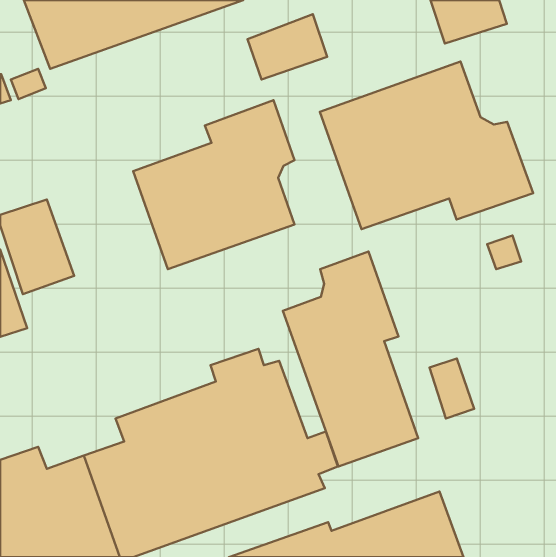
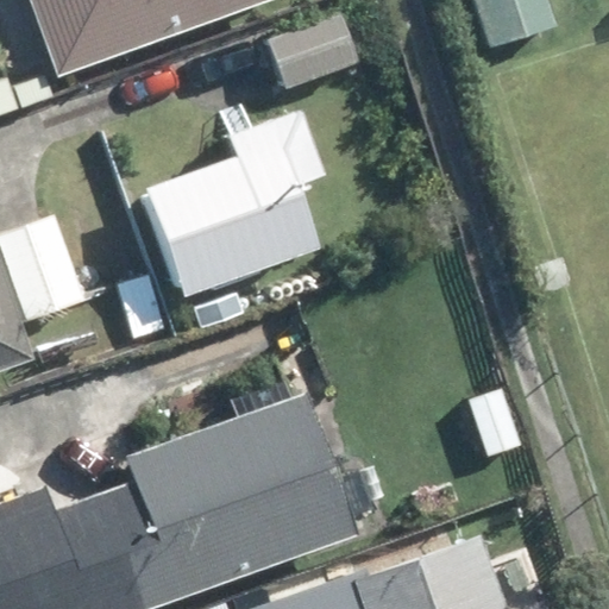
building: [320,61,533,229] -> none
building: [283,251,418,467] -> none

